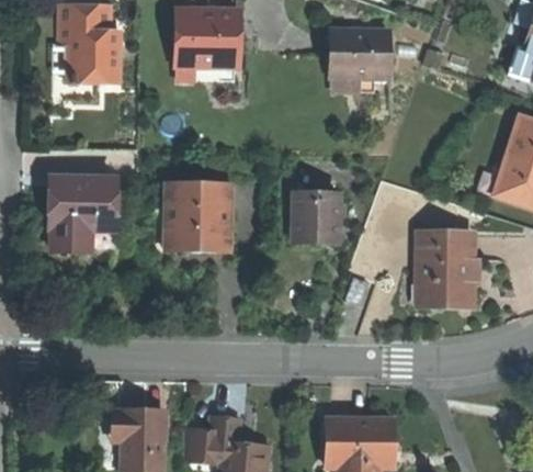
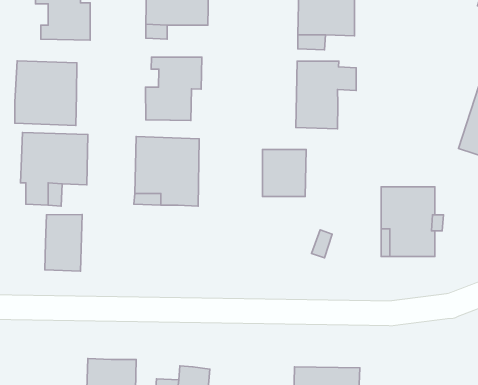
building: none -> [146,57,202,121]
building: none -> [15,61,77,125]
building: none -> [296,61,356,129]
building: none -> [45,215,82,271]

